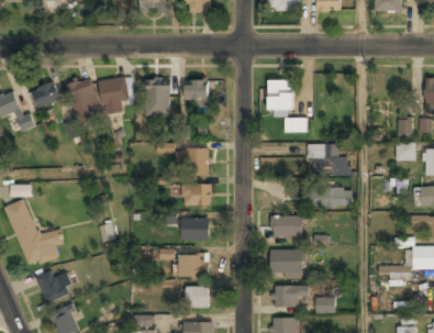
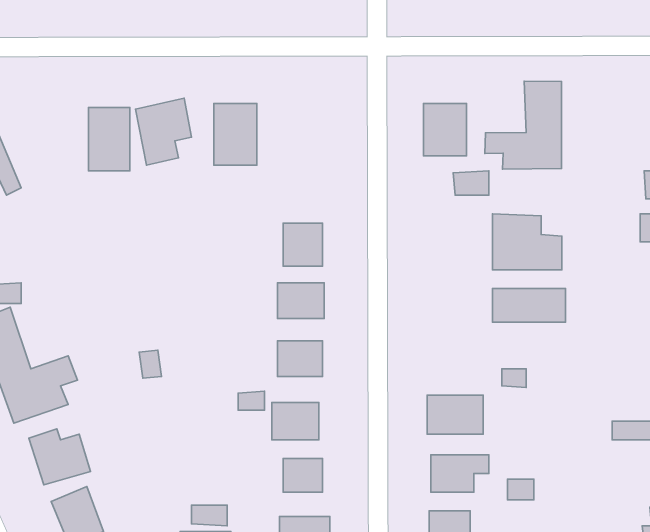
building: none -> [485,81,561,169]
building: [186,78,209,103] -> none
building: [31,81,62,109] -> none
building: [270,215,302,235] -> none

